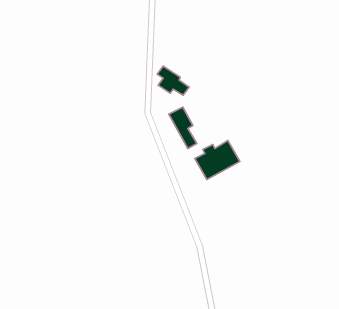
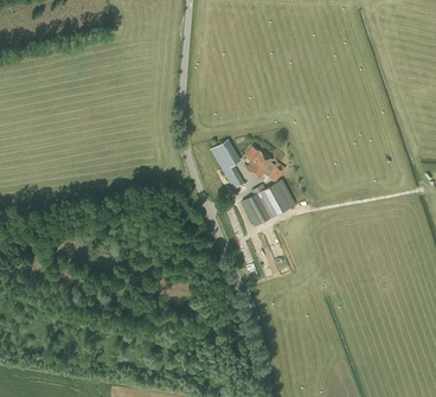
building: [157,66,189,95] -> [245,147,283,181]

